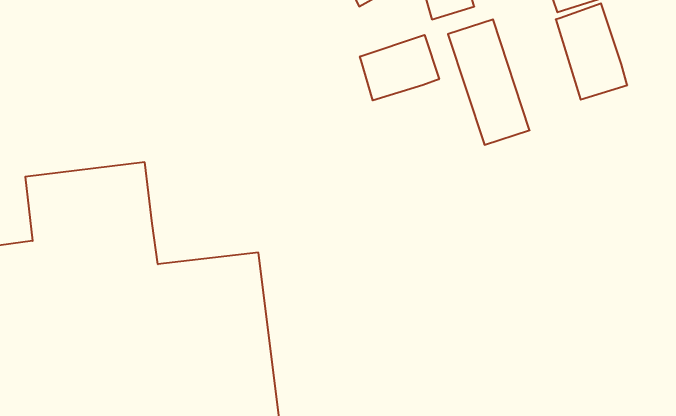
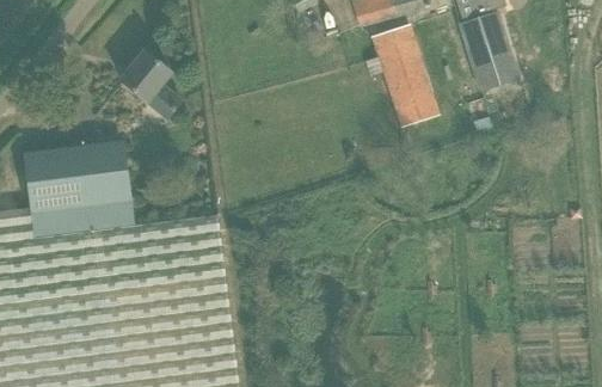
building: [360,35,439,100] -> none
building: none -> [122,50,183,117]

